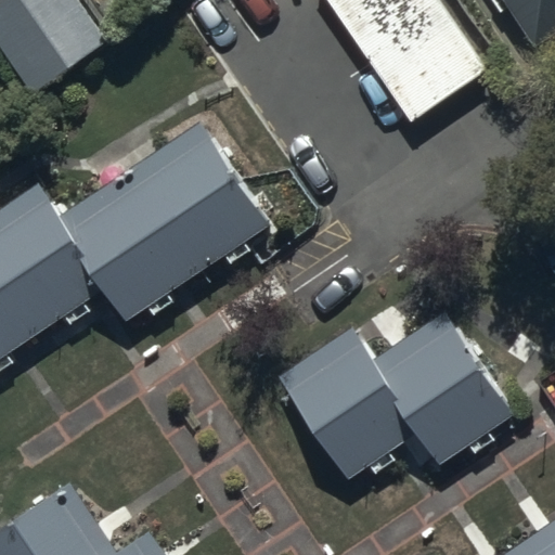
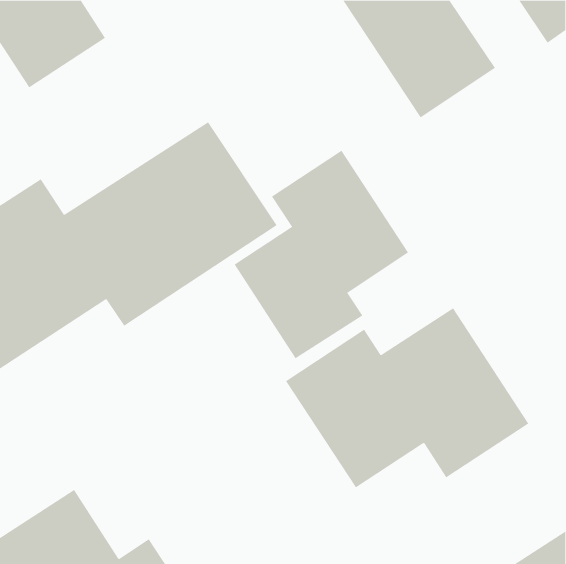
building: none -> [234,150,409,359]

